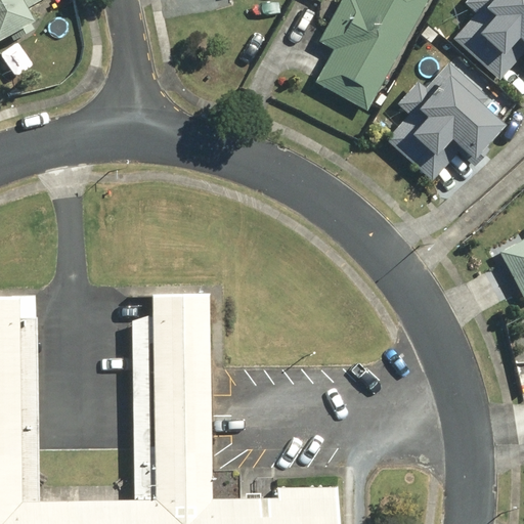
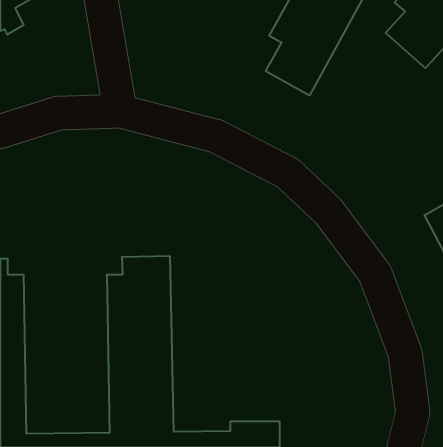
building: [389,62,498,180] -> none

